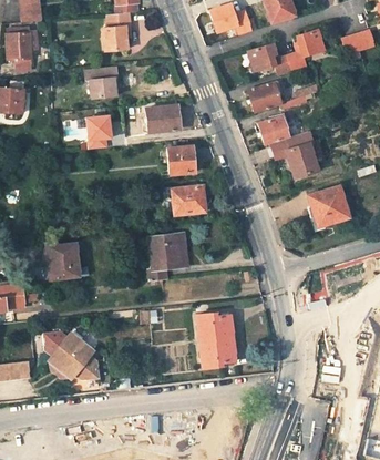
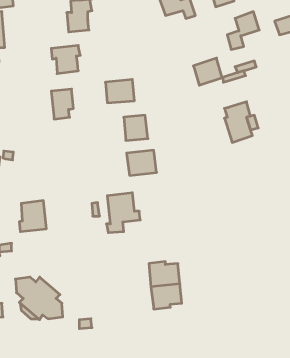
building: [247,43,291,75] -> none
building: [258,116,288,144] -> none
building: [308,186,349,226] -> none

